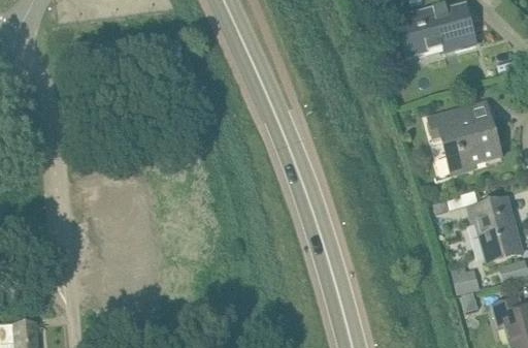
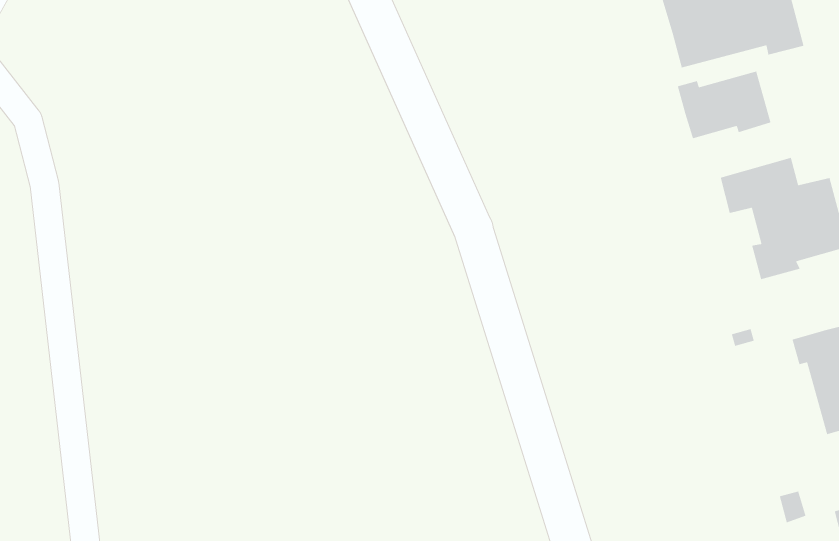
building: none -> [677,70,772,146]
building: [451,263,480,293] -> none

